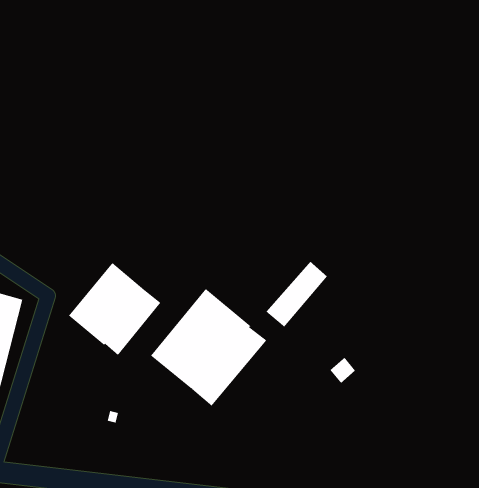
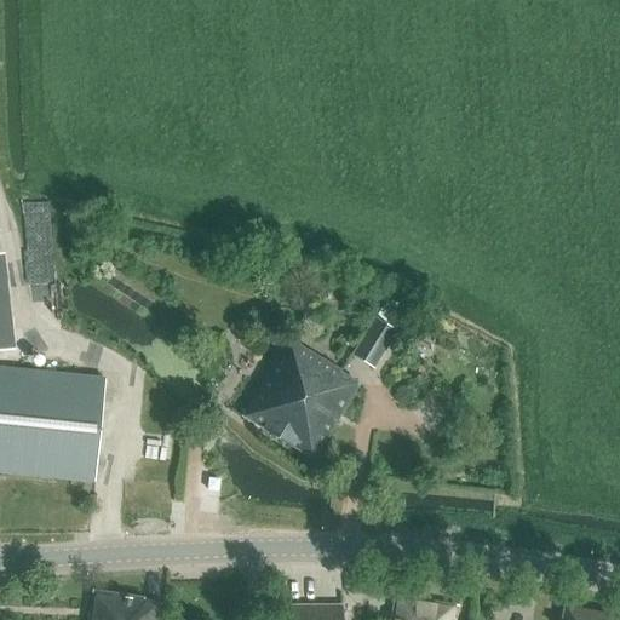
building: [68,262,161,356] -> none

